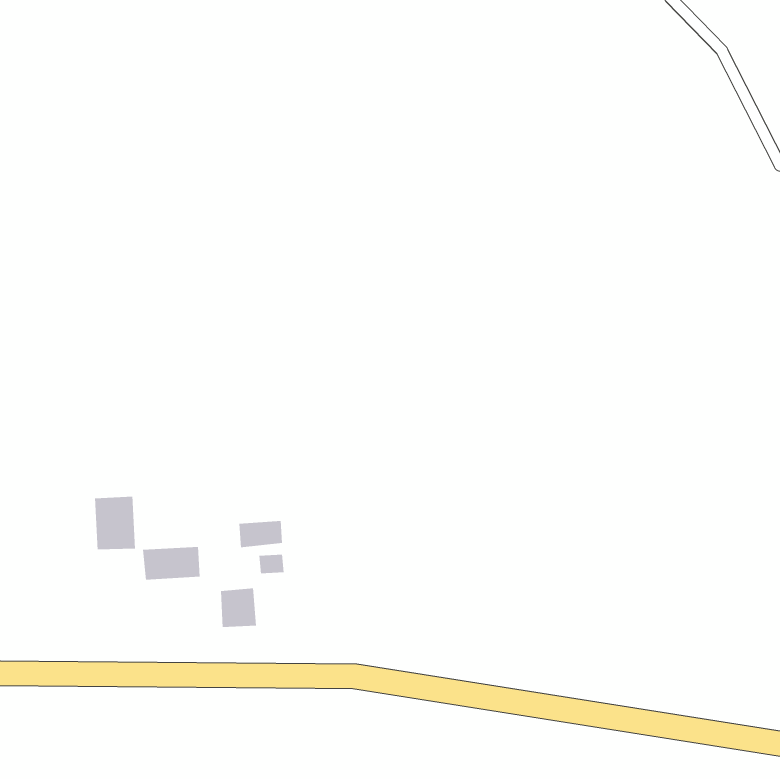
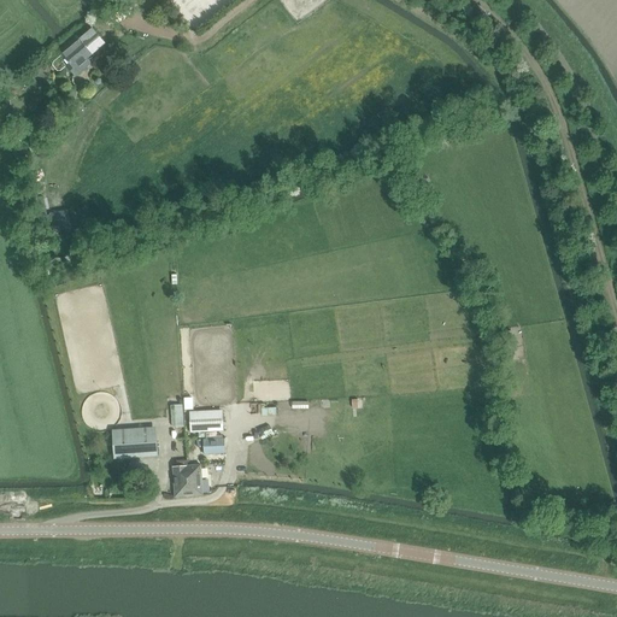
building: none -> [53,27,106,75]
building: [94,496,136,550] -> none

